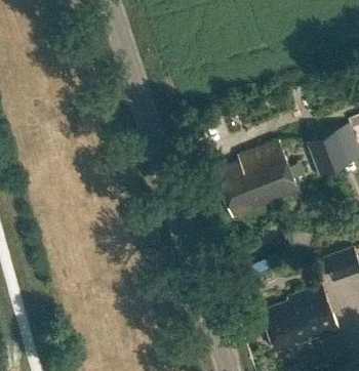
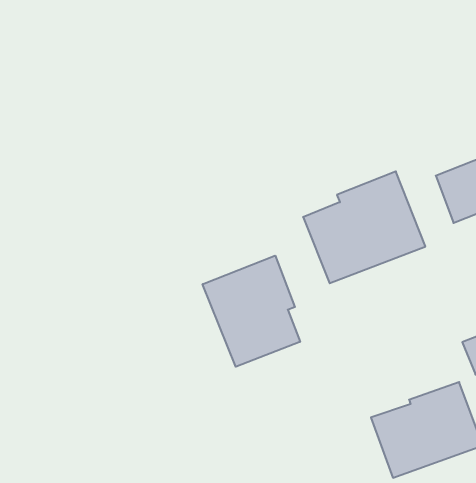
building: none -> [203,256,300,367]

